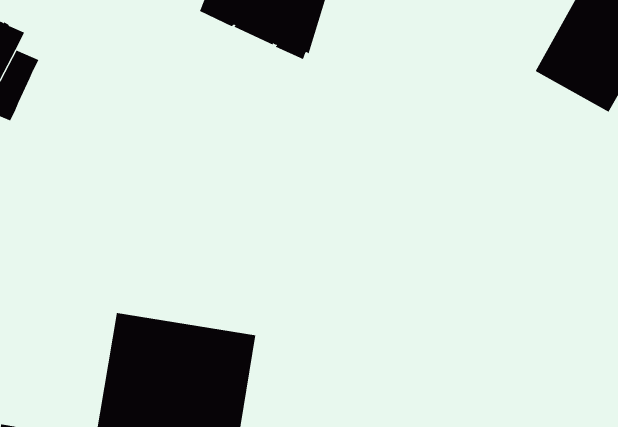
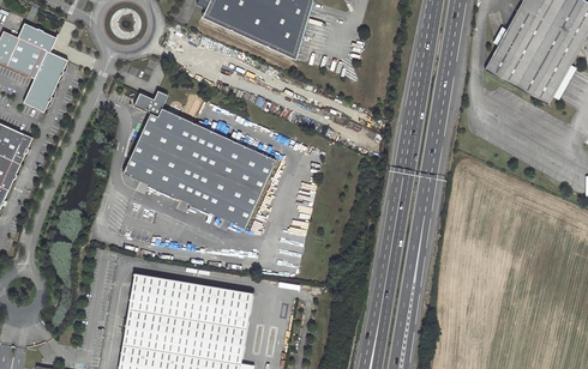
building: none -> [124,91,276,228]

